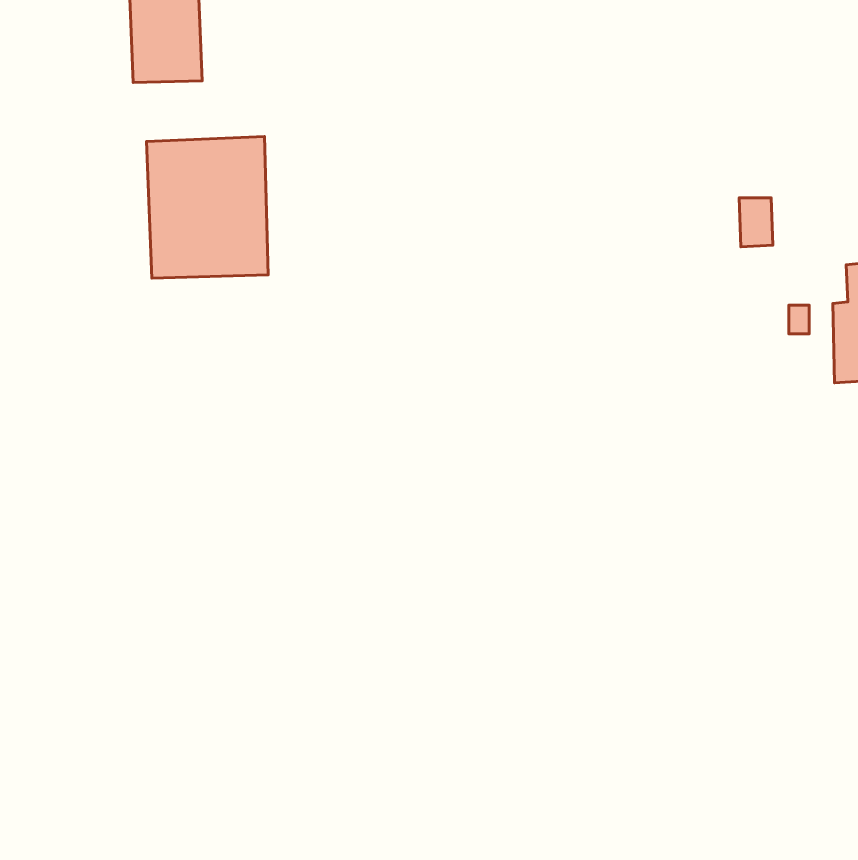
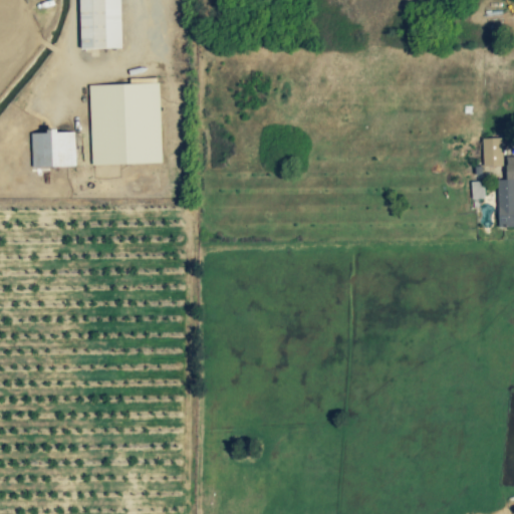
building: [739,198,773,247] -> [483,139,503,168]
building: none -> [31,132,76,169]

